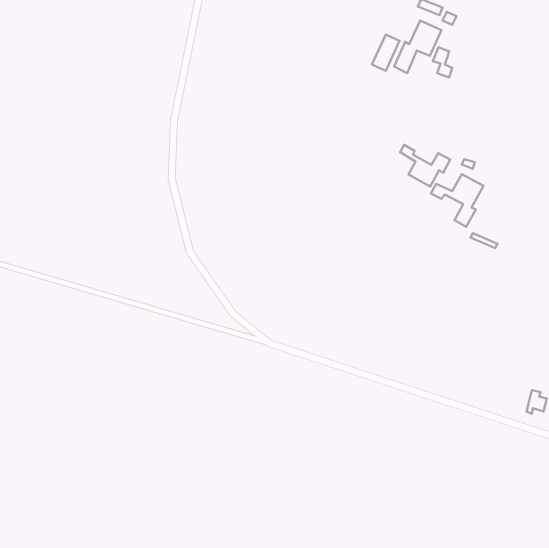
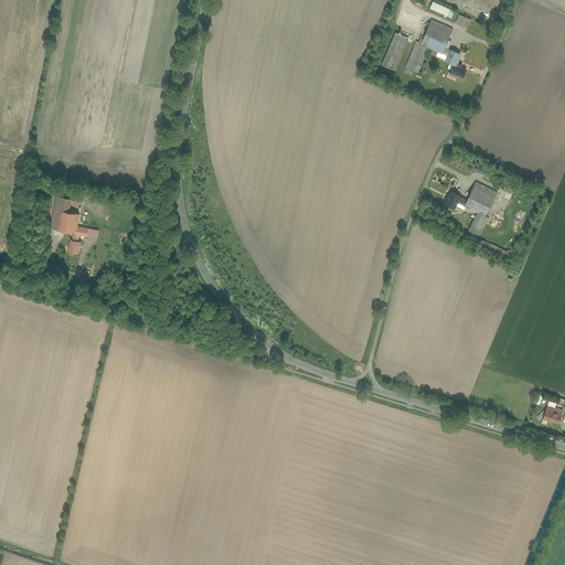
building: [400,145,450,186] -> none
building: none -> [51,195,98,254]

